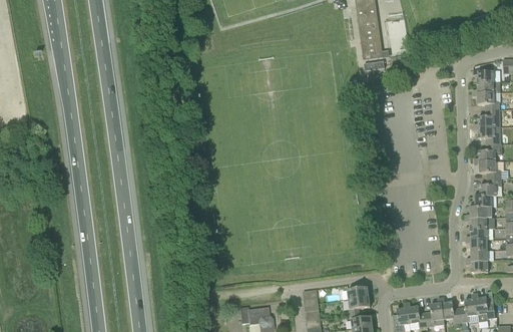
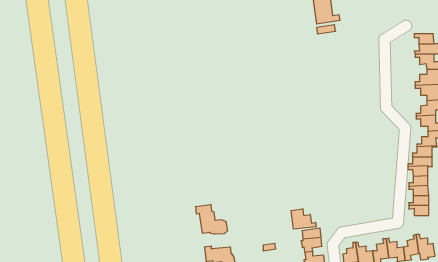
building: none -> [196,204,227,234]
building: none -> [291,209,316,229]

